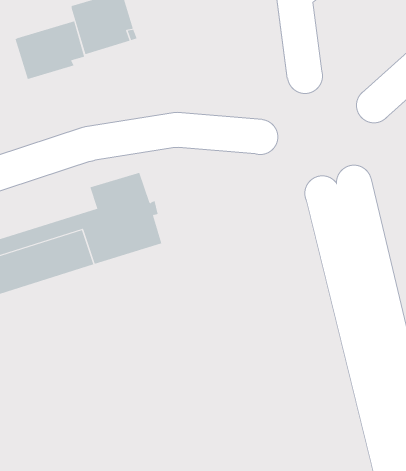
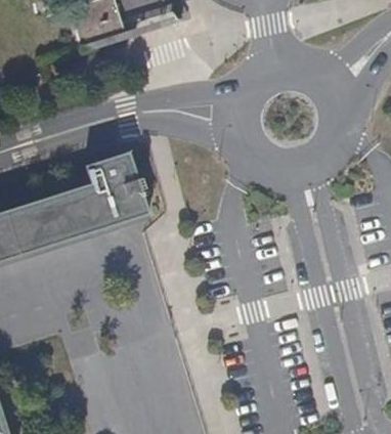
building: [15,20,85,80] -> none

